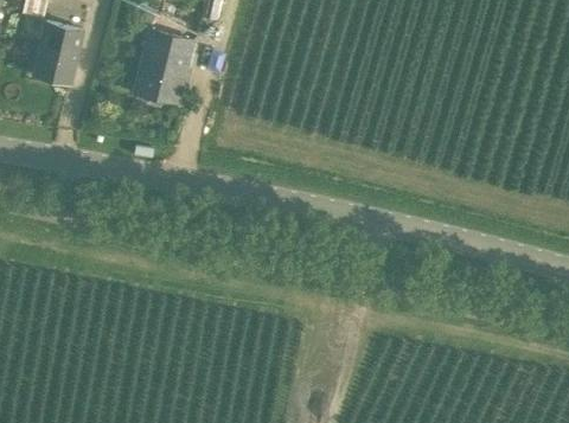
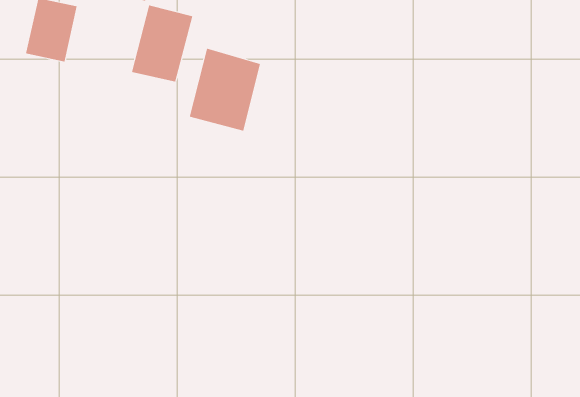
building: none -> [189,48,261,132]

